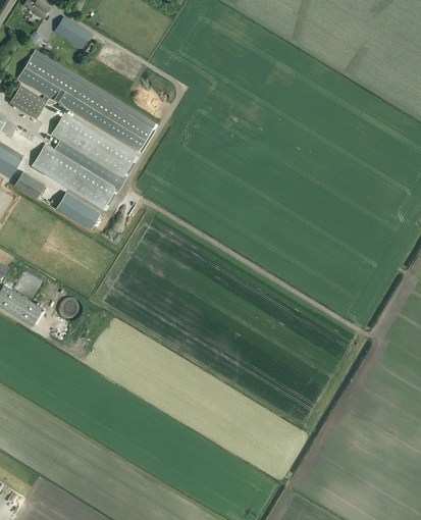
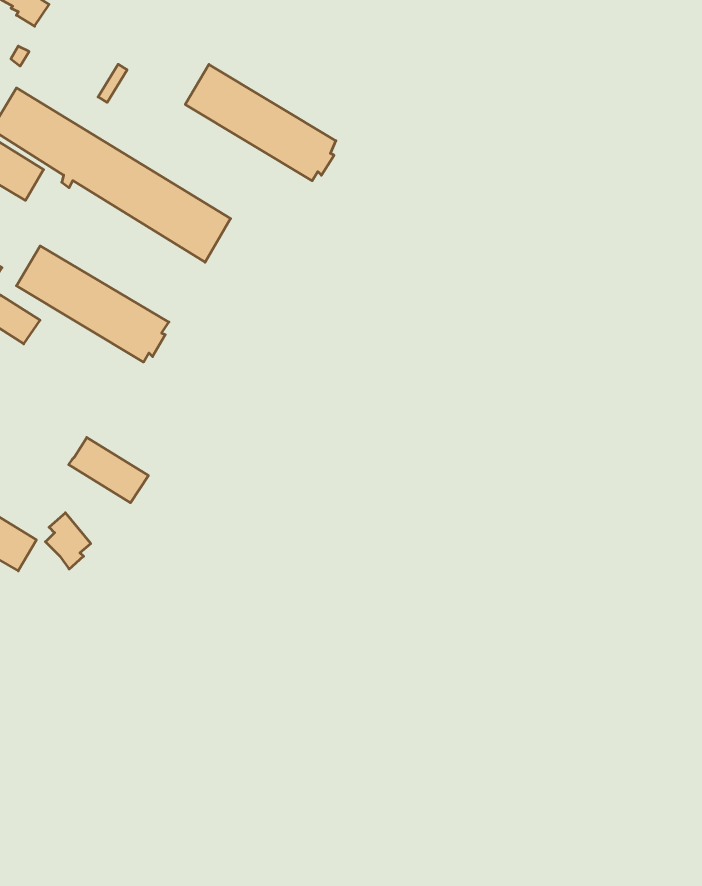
building: [50,13,92,49] -> none
building: [52,112,137,177] -> [185,64,336,181]
building: [56,193,101,229] -> [69,437,148,503]

